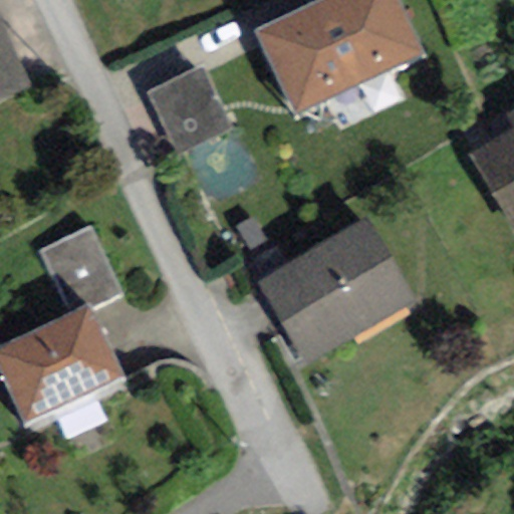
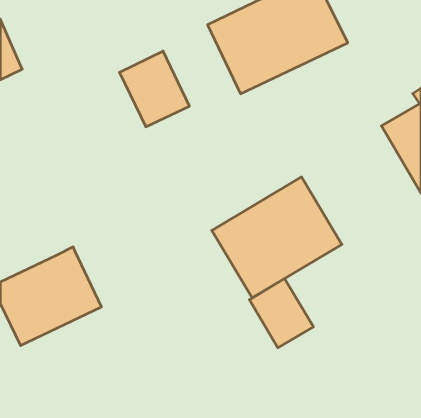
building: [39,225,120,311] -> none
building: none -> [249,279,313,348]

